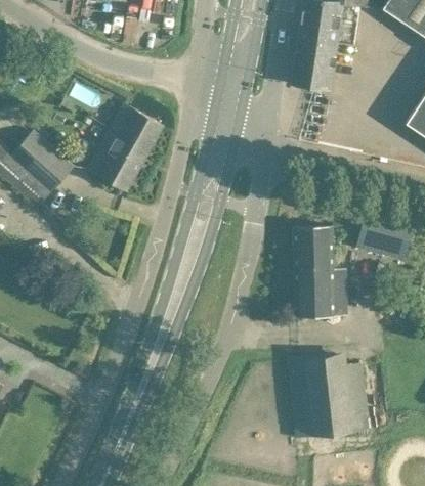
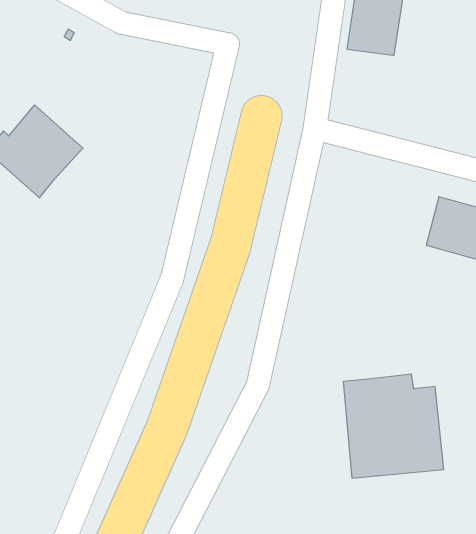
building: [87,104,163,191] -> none
building: [294,226,346,316] -> none

